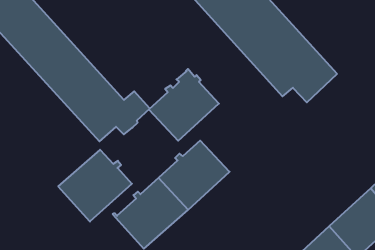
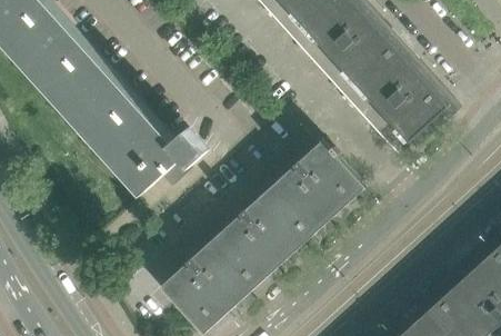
building: [149,69,219,141] -> [273,139,363,231]
building: [58,150,132,222] -> none

